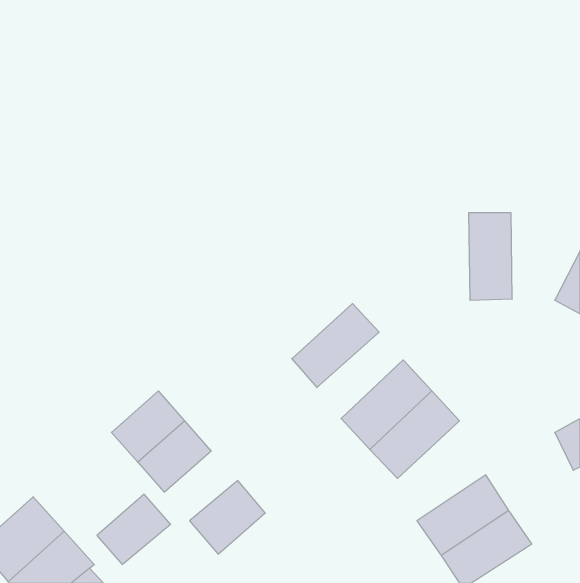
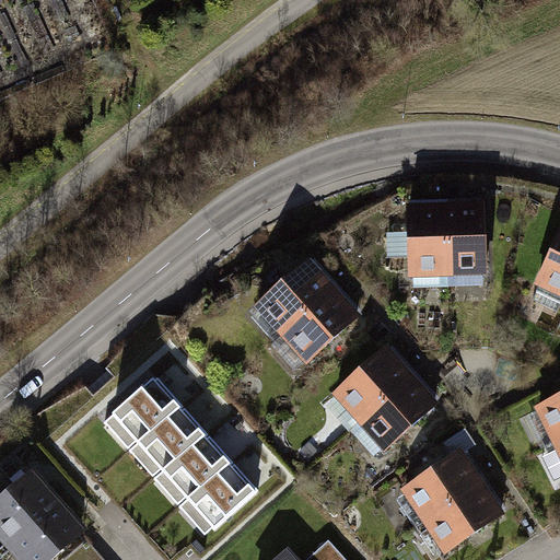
building: none -> [405,202,447,287]
building: none -> [252,259,336,341]
building: [97,494,171,564] -> [156,429,226,495]

